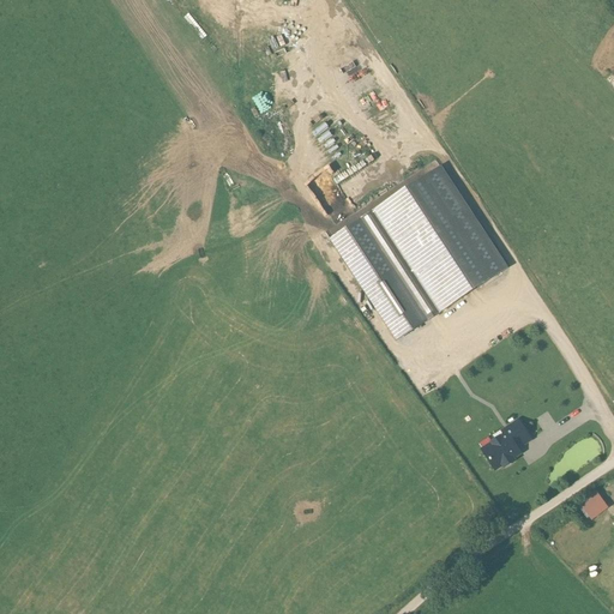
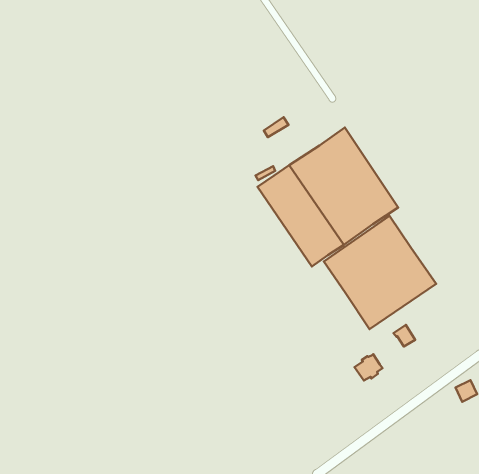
building: none -> [324,216,436,329]
building: [484,429,520,463] -> [354,354,383,380]

